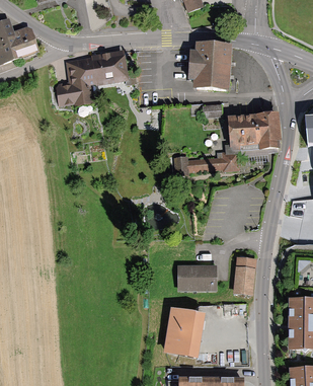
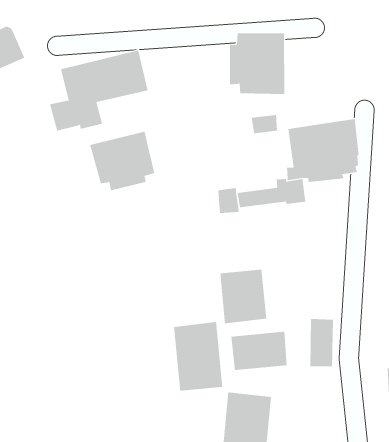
building: none -> [90,131,155,191]
building: none -> [220,269,267,324]
building: none -> [173,321,223,391]

